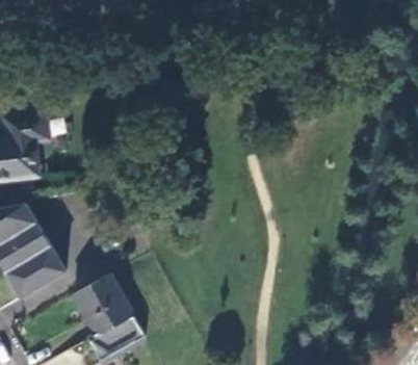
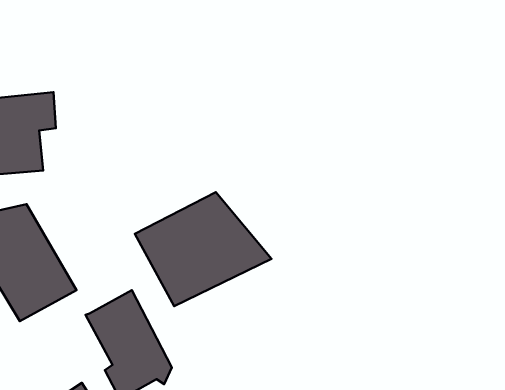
building: none -> [135,192,272,306]

